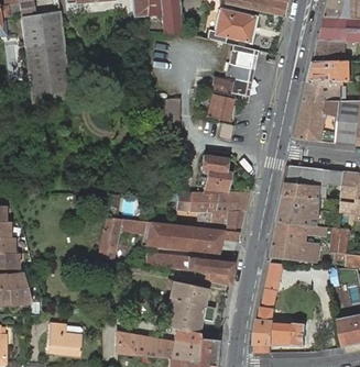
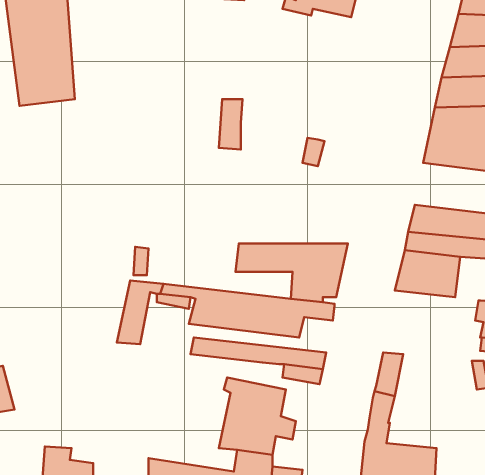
building: [207,44,254,121] -> none
building: [198,154,228,191] -> none
building: [273,222,312,260] -> none

